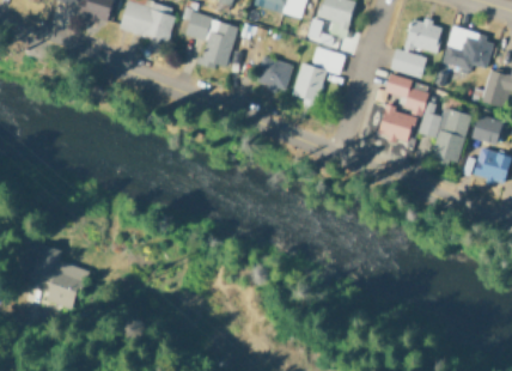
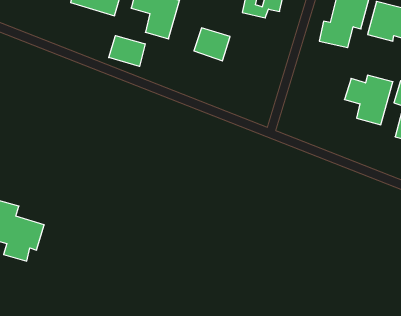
building: [292,48,345,103] -> none
building: none -> [109,36,145,66]
building: [377,74,425,142] -> none

